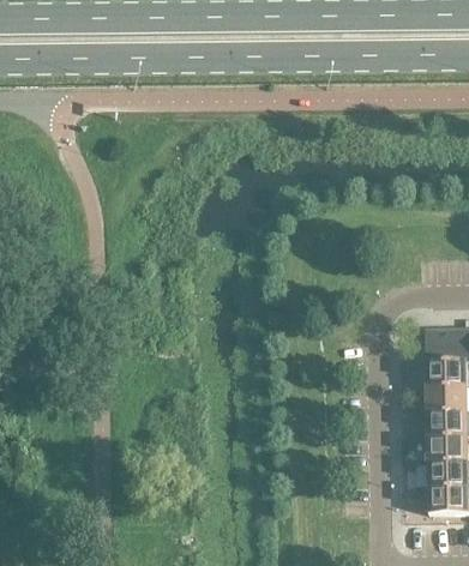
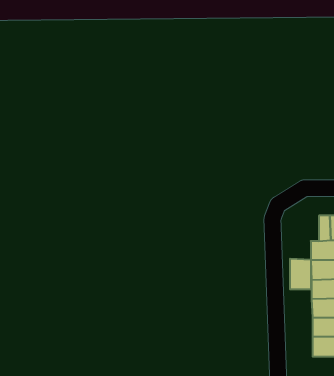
building: none -> [290,259,311,289]

